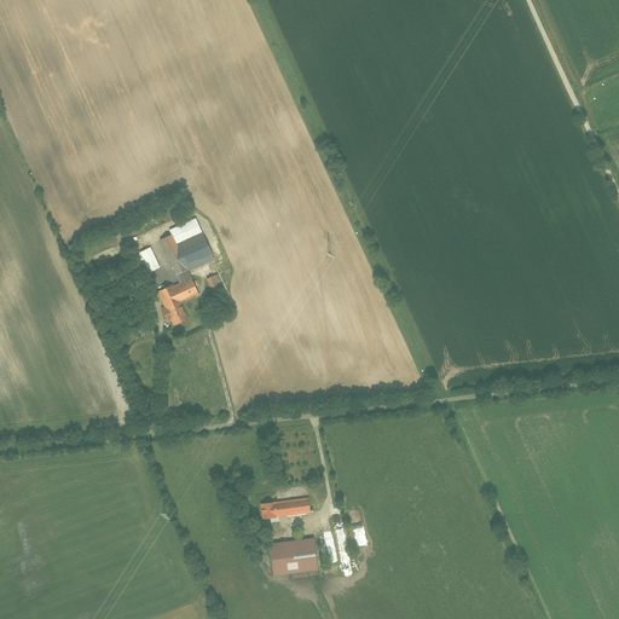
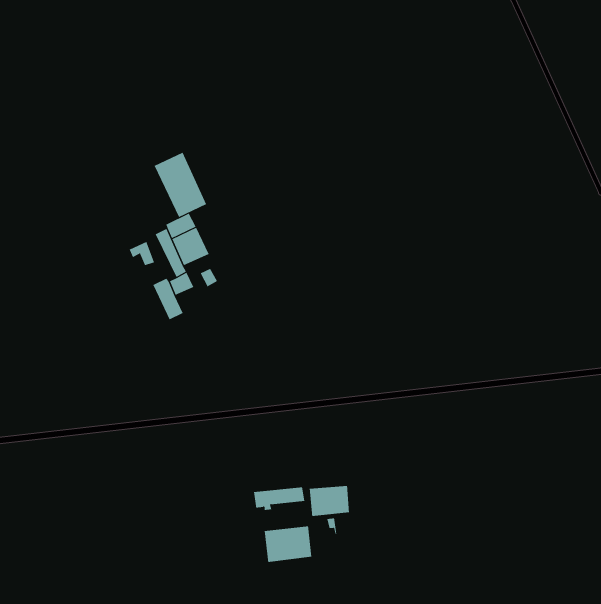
building: none -> [154,152,207,218]
building: none -> [309,485,349,517]

